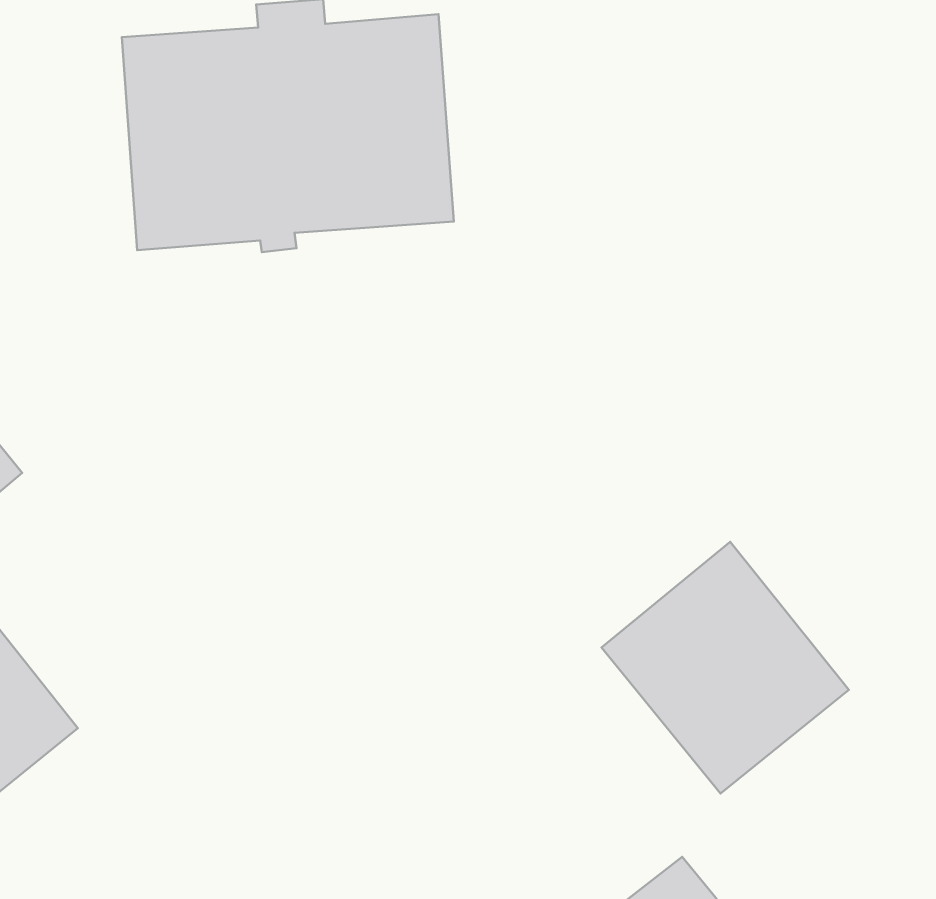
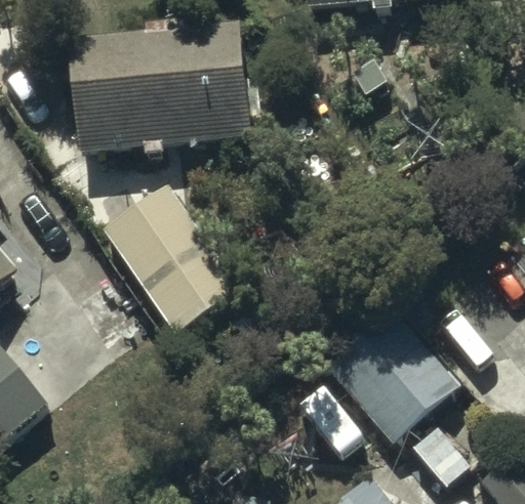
building: none -> [103,184,239,332]

